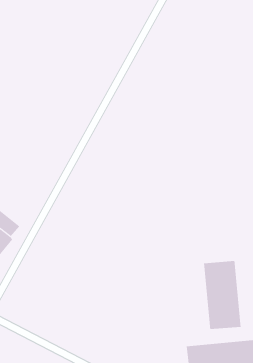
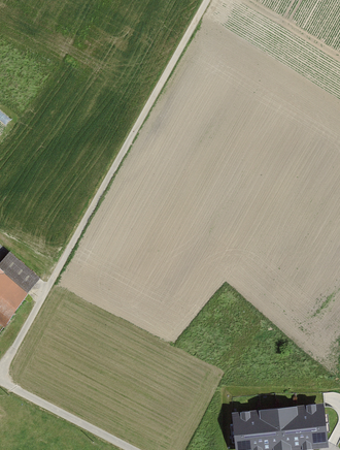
building: [204,260,241,330] -> none

